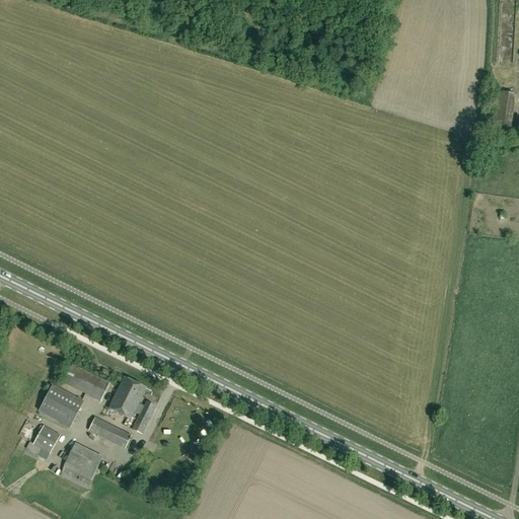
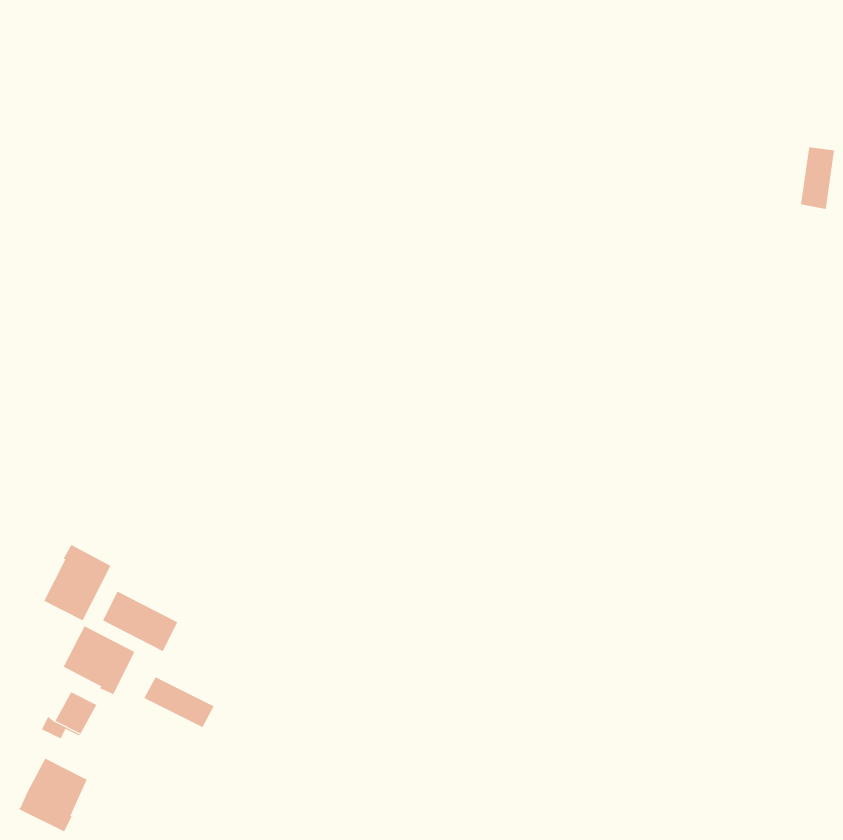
building: none -> [44,544,111,621]
building: [108,376,155,433] -> none
building: [59,443,101,489] -> [18,758,88,832]

